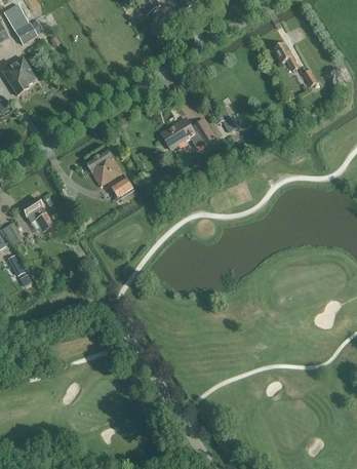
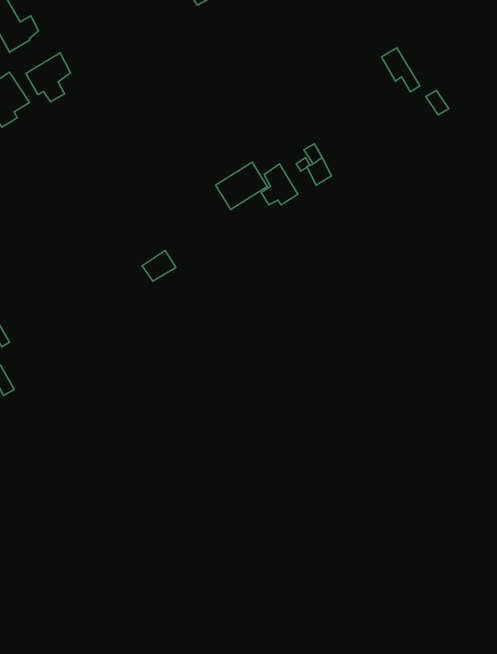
building: none -> [26,53,71,102]
building: [85,150,121,187] -> none
building: [18,197,52,233] -> none

